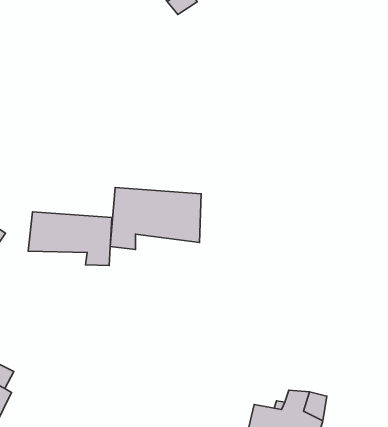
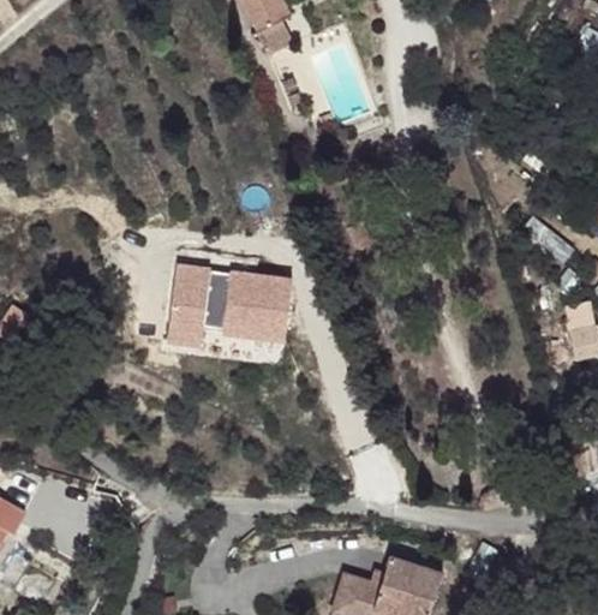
building: [28,212,112,265] -> none

